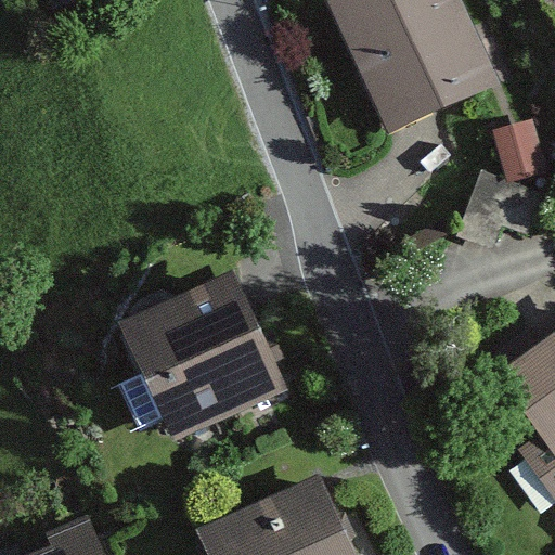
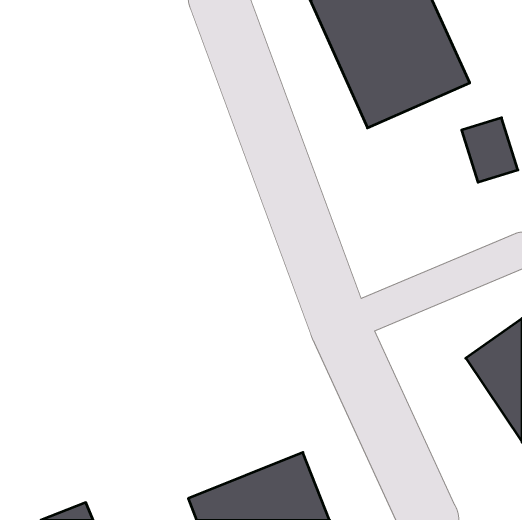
building: [118,267,286,440] -> none

